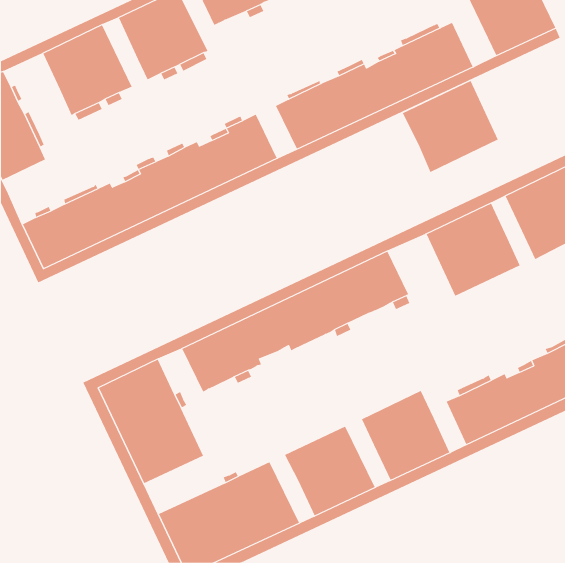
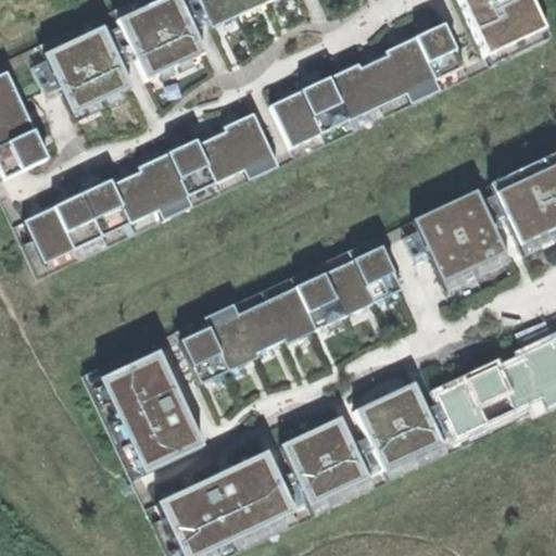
building: [402,80,499,173] -> none

